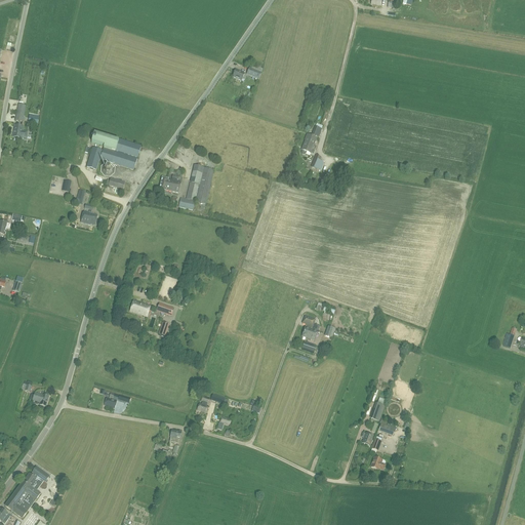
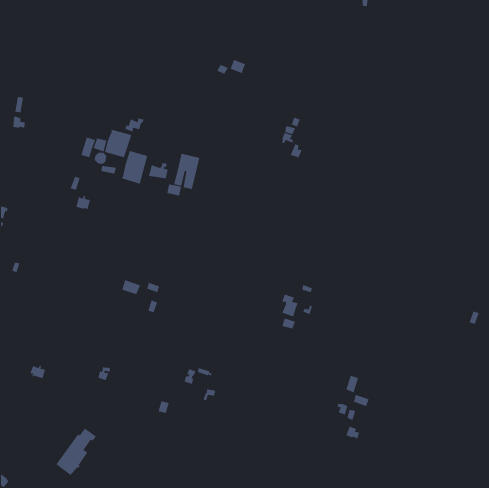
building: none -> [121,150,148,185]
building: [5,467,49,518] -> [56,428,97,476]

